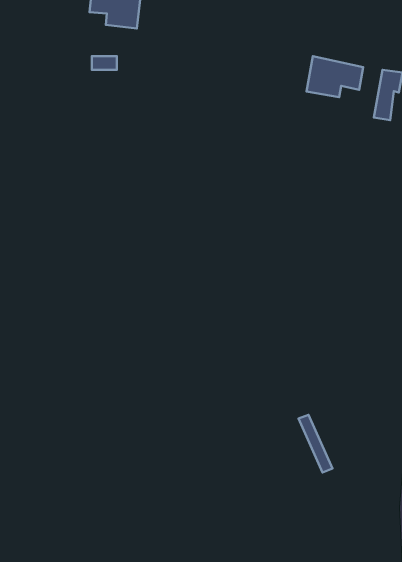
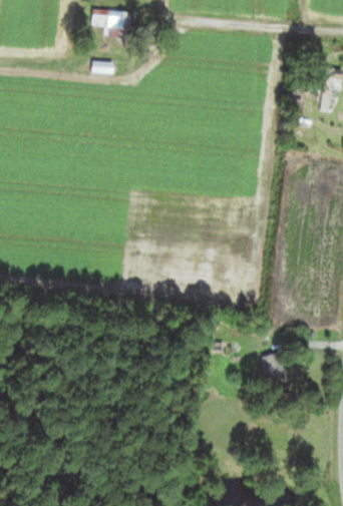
building: [306,56,363,97] -> none

